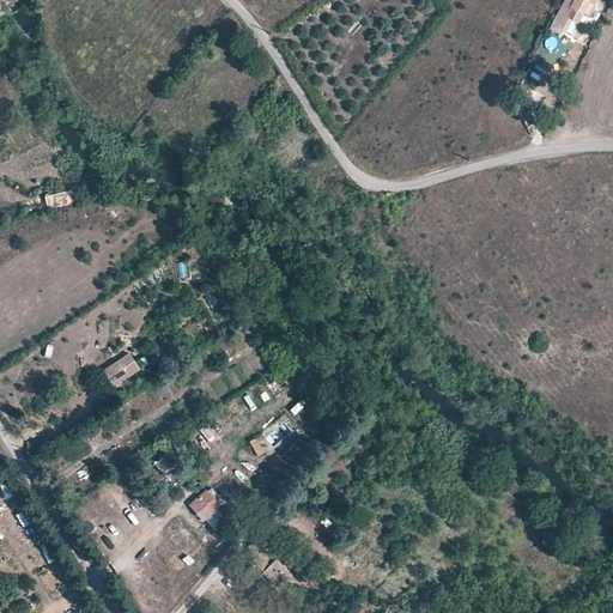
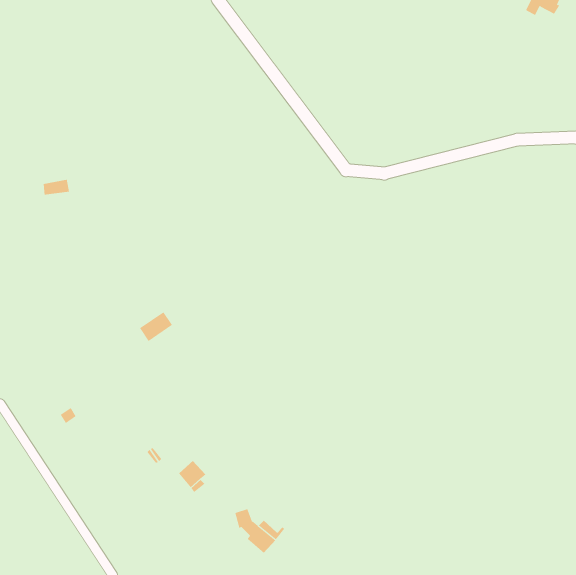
building: [103,352,139,384] -> [139,311,173,342]

